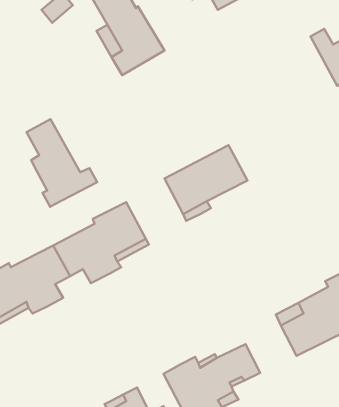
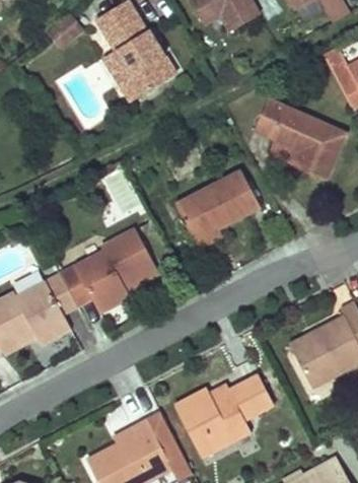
building: none -> [255,97,346,179]
building: [27,119,97,207] -> none

